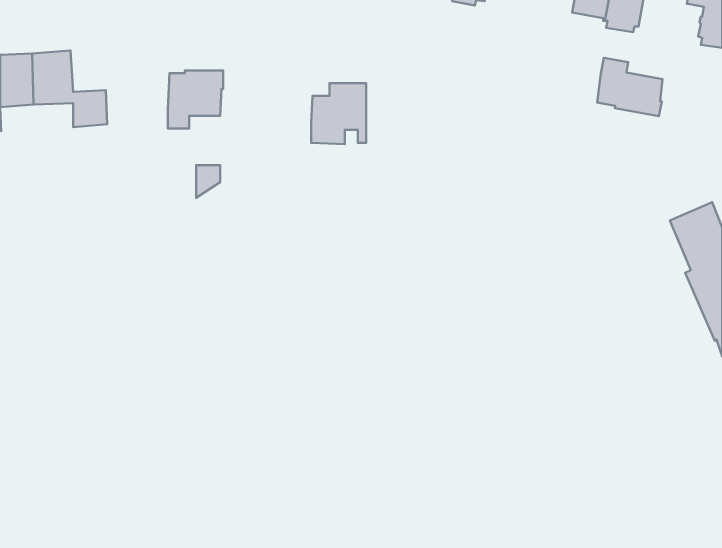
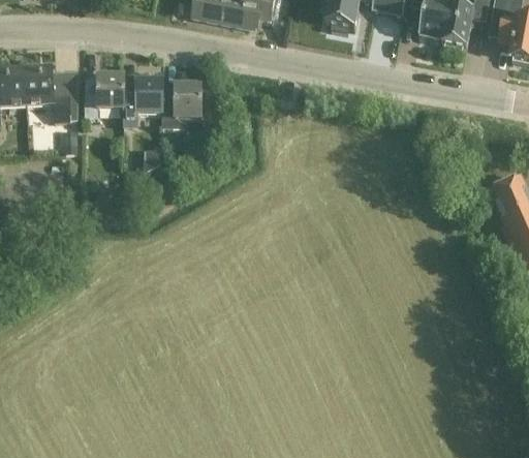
building: [597,58,662,116] -> none
building: none -> [85,72,125,116]
building: [311,83,366,144] -> [161,82,201,126]

